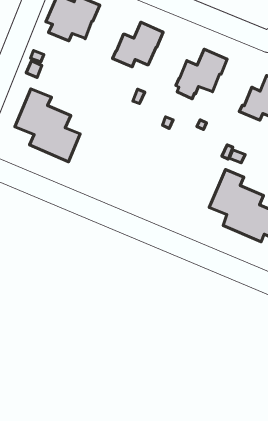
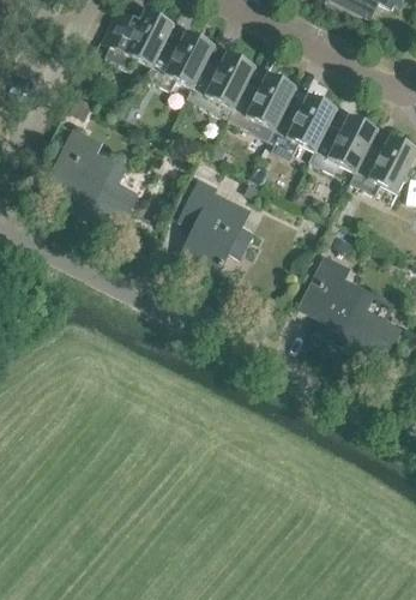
building: none -> [145,30,215,89]
building: none -> [227,72,296,130]
building: none -> [309,113,379,172]
building: none -> [179,175,253,270]

